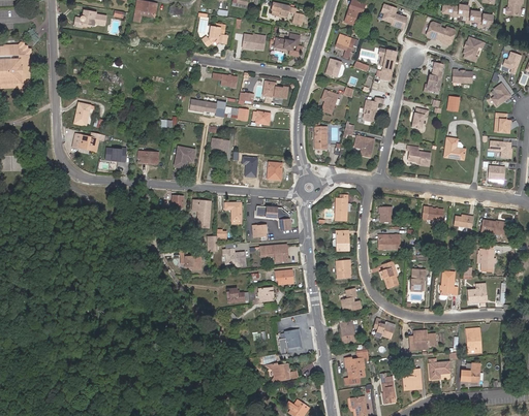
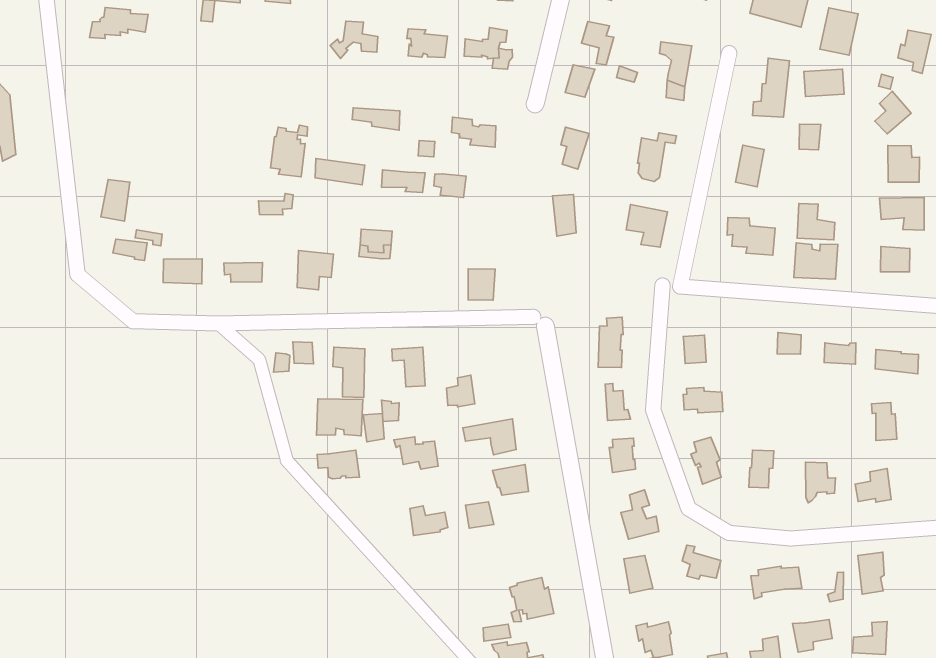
building: none -> [270,125,307,177]
building: none -> [794,243,838,279]
building: [256,204,289,229] -> none
building: none -> [316,399,363,436]

